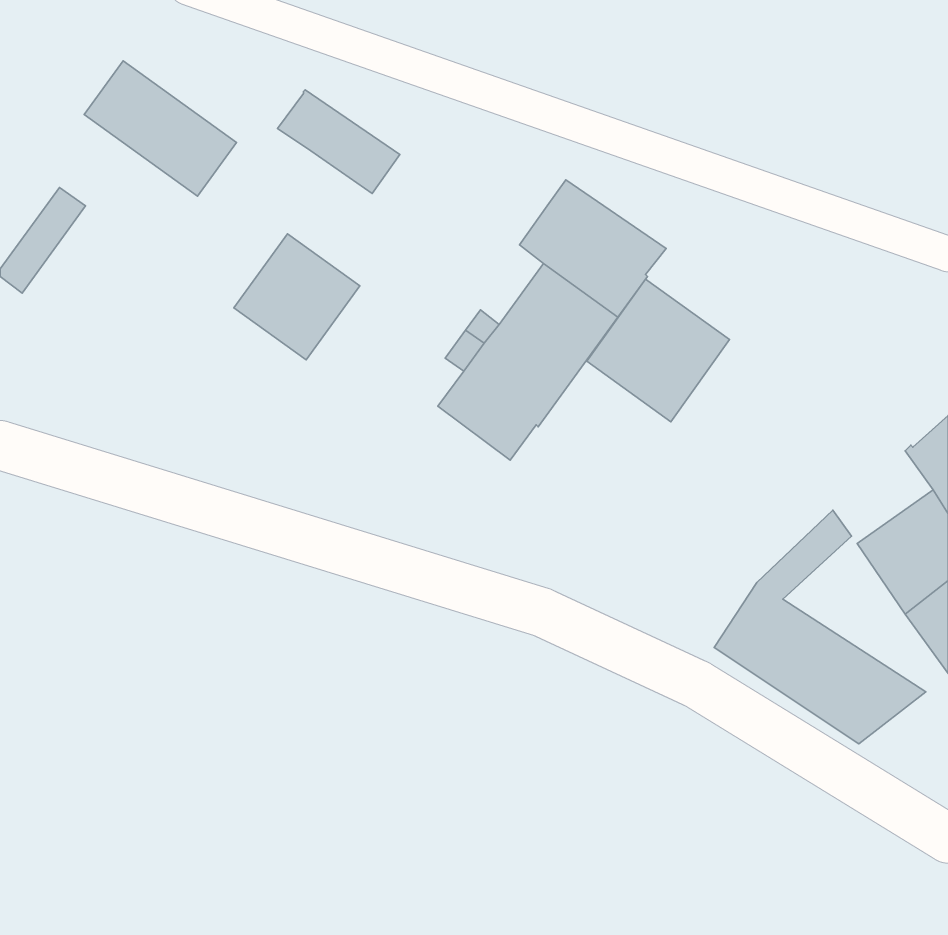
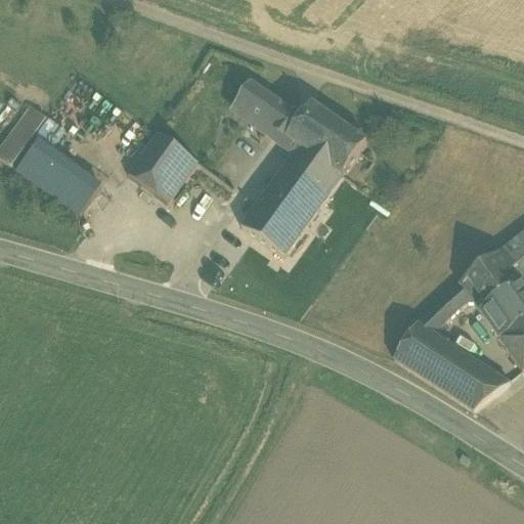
building: [84,61,236,196] -> [18,137,102,212]
building: [277,90,400,194] -> [234,78,302,135]
building: [587,279,730,422] -> none
building: none -> [460,249,515,300]

